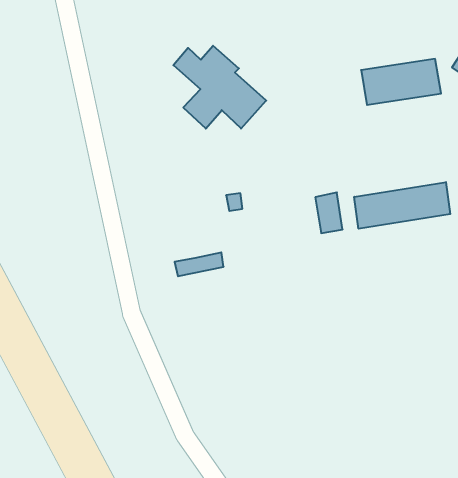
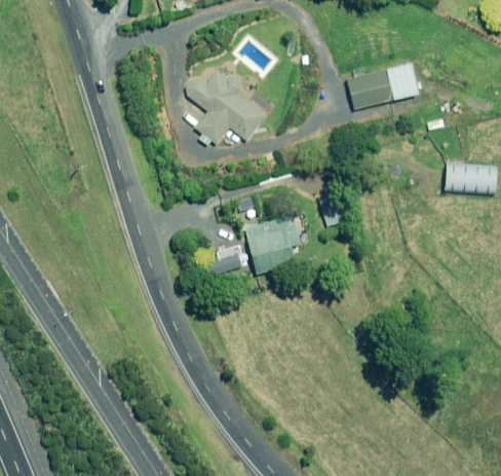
building: [354,182,450,229] -> none
building: none -> [245,215,300,271]

